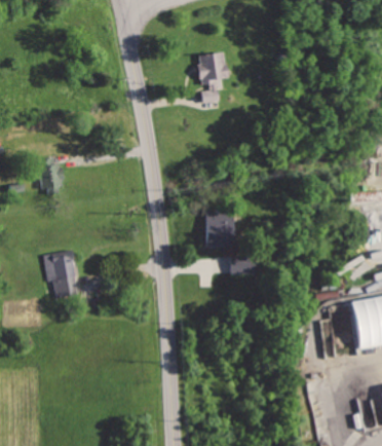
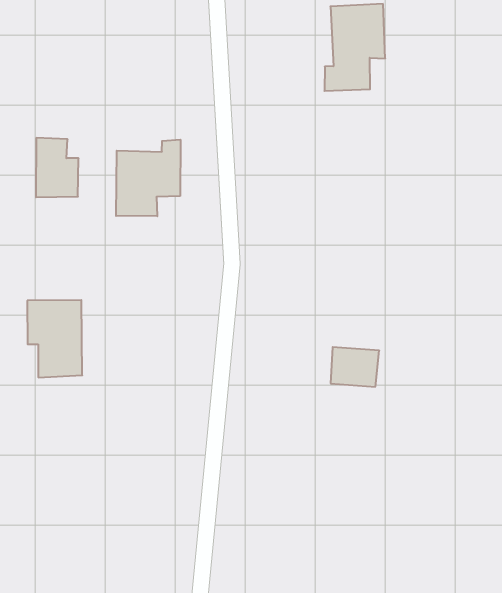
building: none -> [116,140,180,216]
building: [205,211,235,247] -> none

